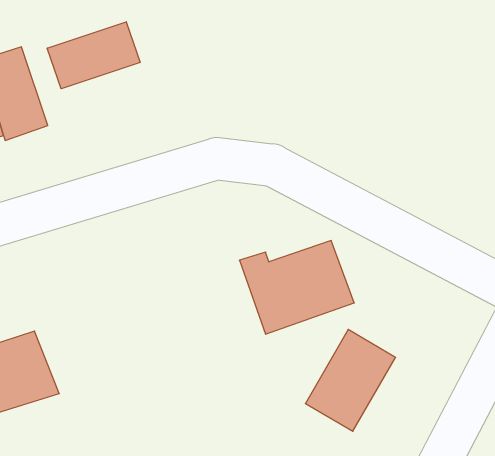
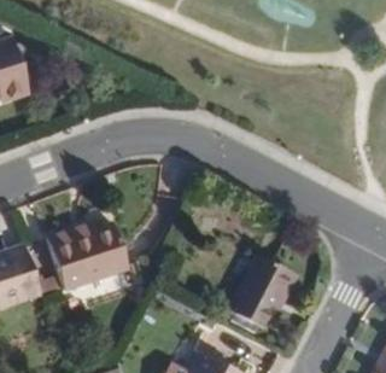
building: [47,22,140,89] -> none
building: [239,241,354,334] -> [52,225,136,293]

